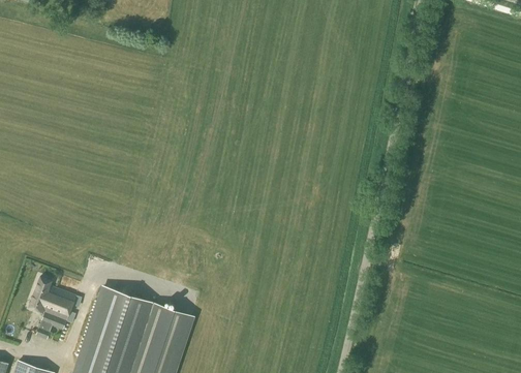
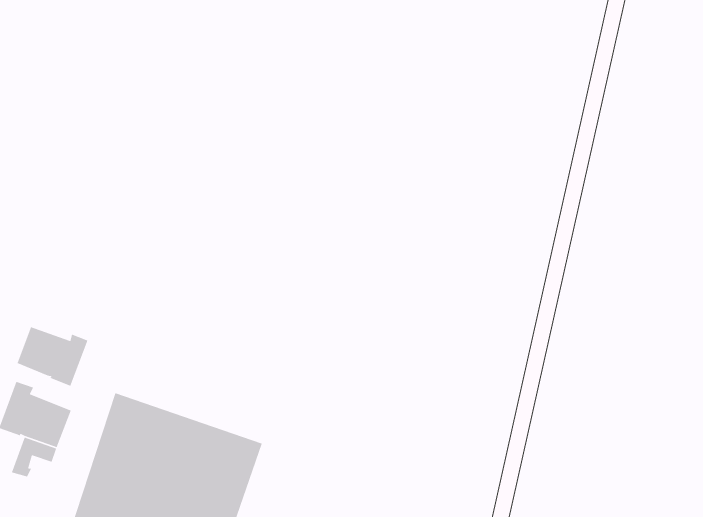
building: none -> [17,326,88,387]

